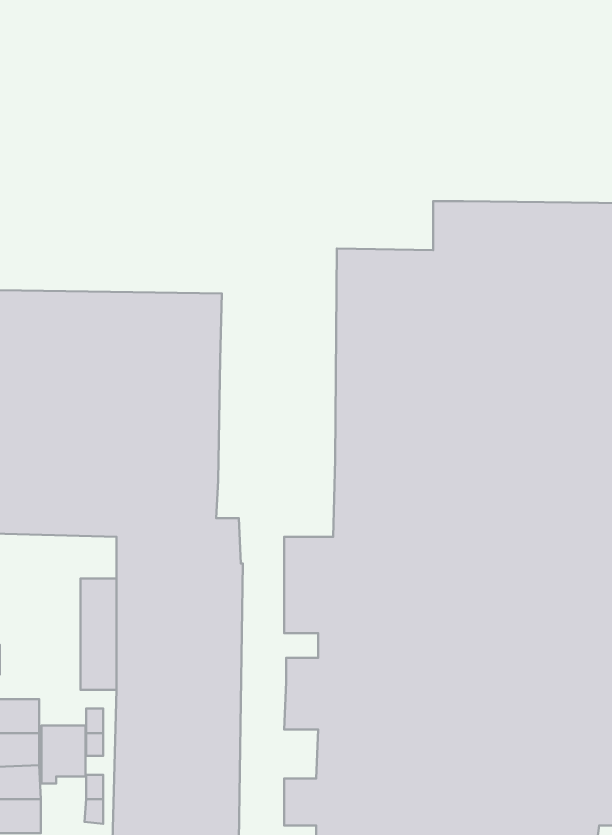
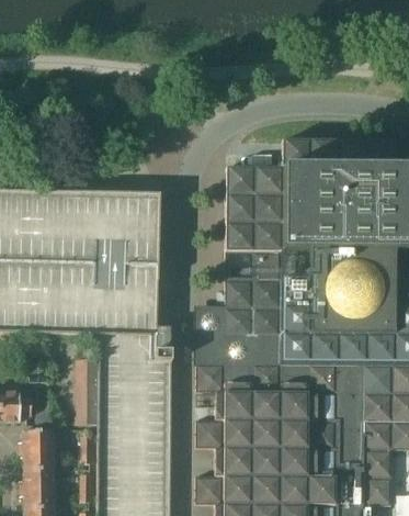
building: [41,726,85,784] -> none

